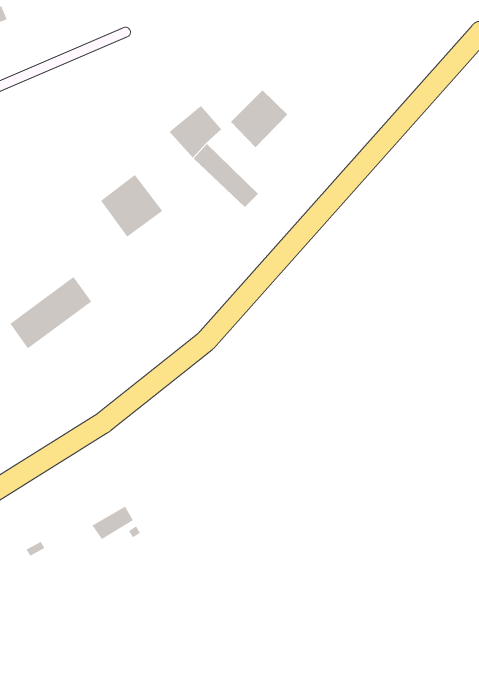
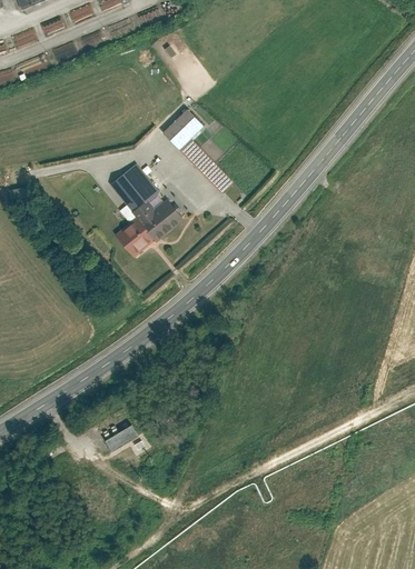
building: [230,90,288,148] -> none
building: [9,276,92,349] -> [118,198,184,256]

